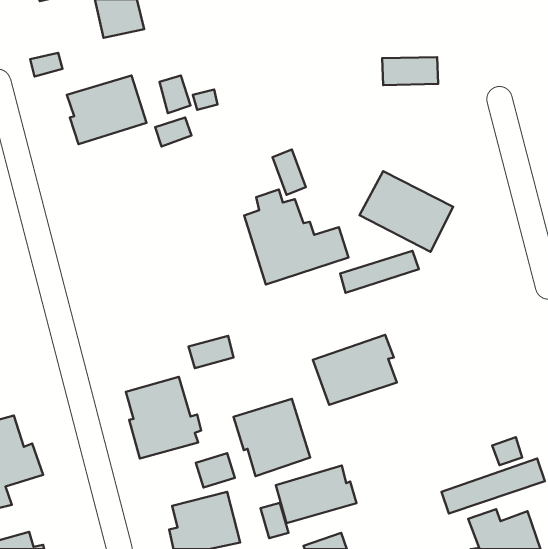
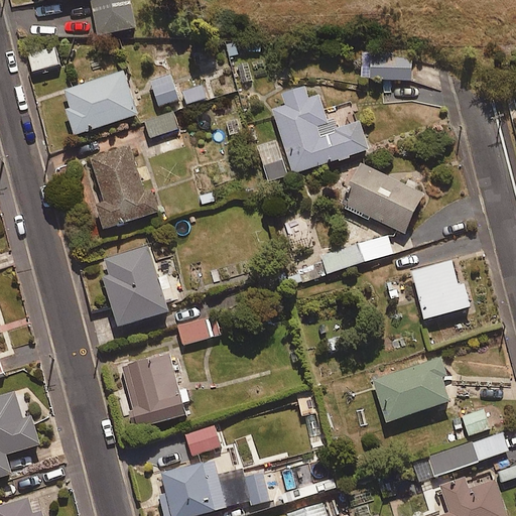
building: none -> [89,146,157,230]
building: [244,190,349,284] -> [270,86,368,174]
building: none -> [98,247,167,327]
building: none -> [408,256,472,321]
building: [313,335,397,405] -> [371,357,449,422]
building: [234,399,310,476] -> none
building: [276,466,356,523] -> none

